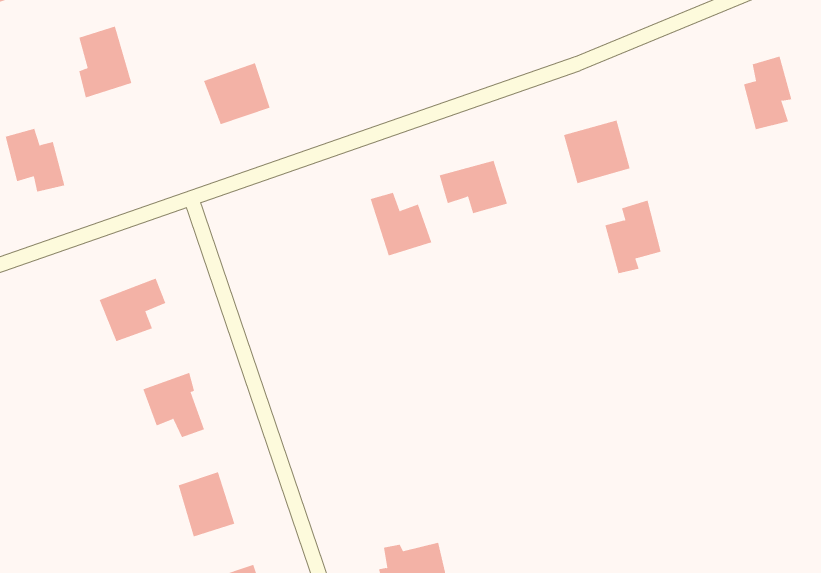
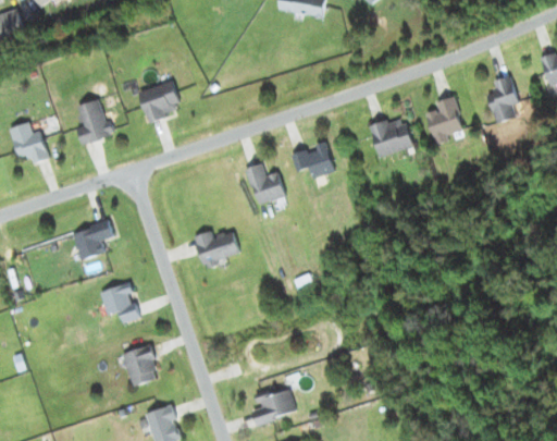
building: [78,26,132,98] -> [77,98,112,145]
building: [604,200,662,274] -> [426,96,463,144]
building: none -> [195,230,239,268]

